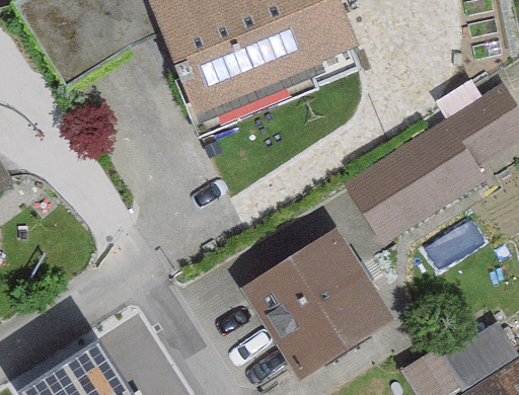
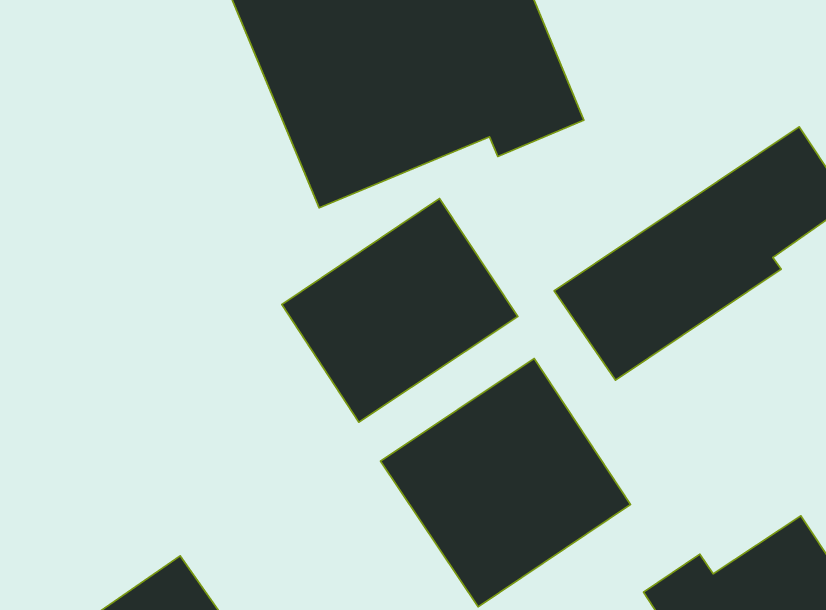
building: none -> [282,199,518,422]

